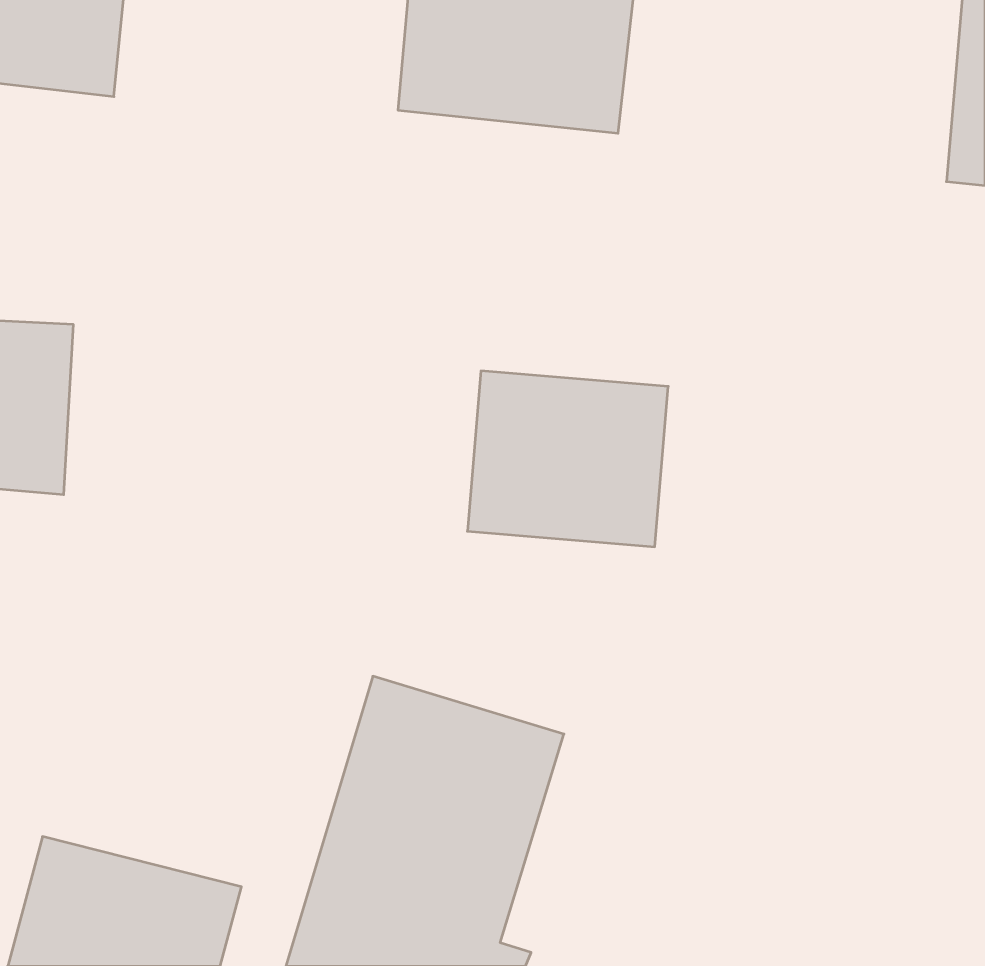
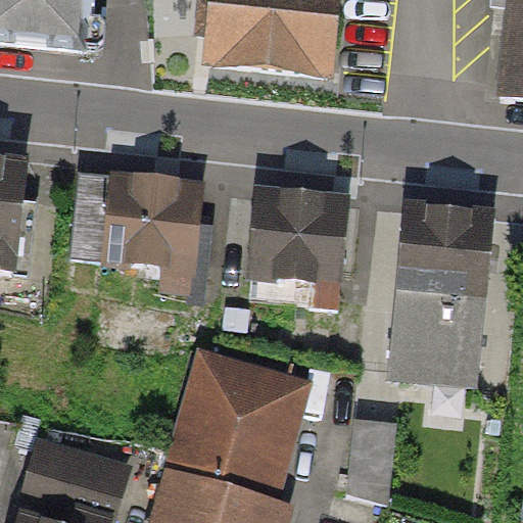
building: none -> [81,177,205,279]
building: none -> [388,200,493,380]
building: none -> [348,412,397,497]

